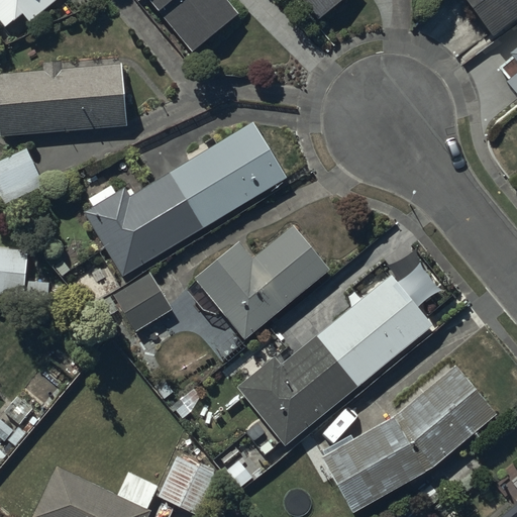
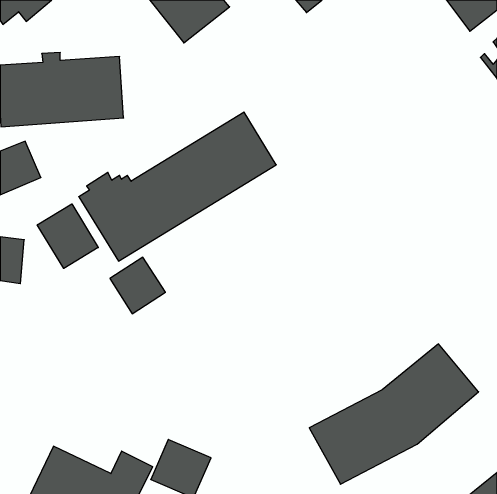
building: none -> [37,204,98,268]
building: [192,229,328,343] -> none
building: [234,279,429,448] -> none

